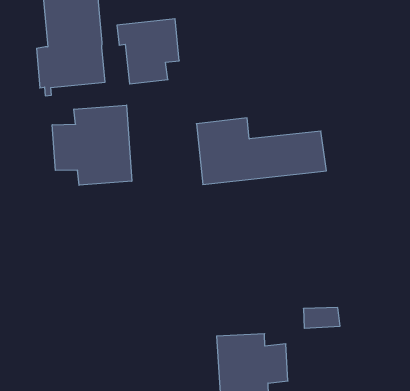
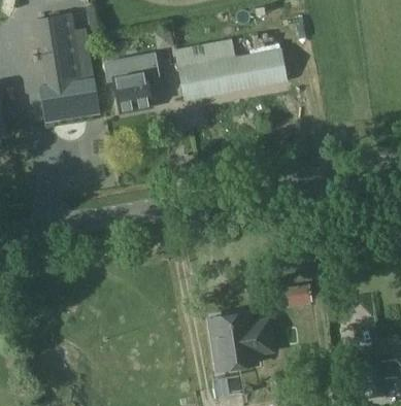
building: [52,105,132,185] -> none
building: [196,118,326,184] -> [174,41,287,100]

